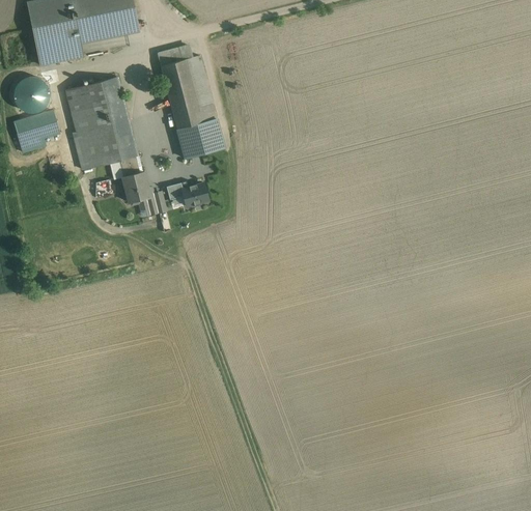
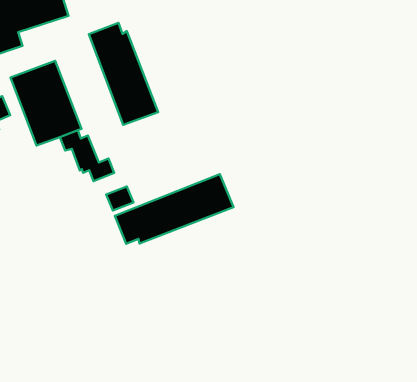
building: [179,182,208,207] -> [106,186,134,211]
building: none -> [115,174,234,244]

